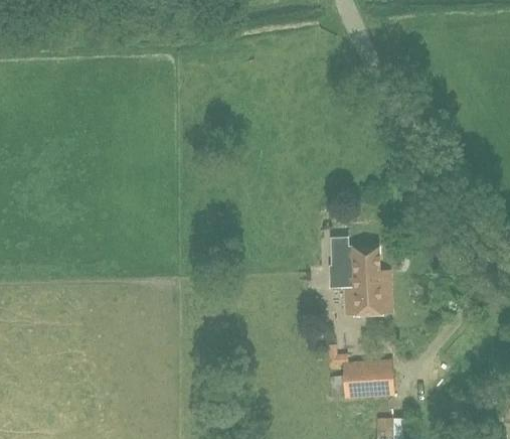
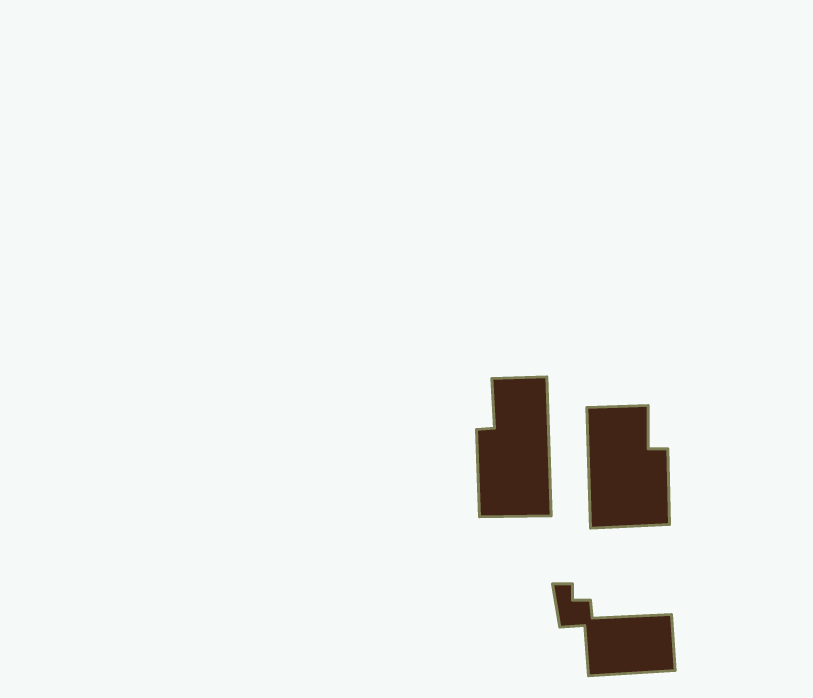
building: none -> [477,377,551,517]

